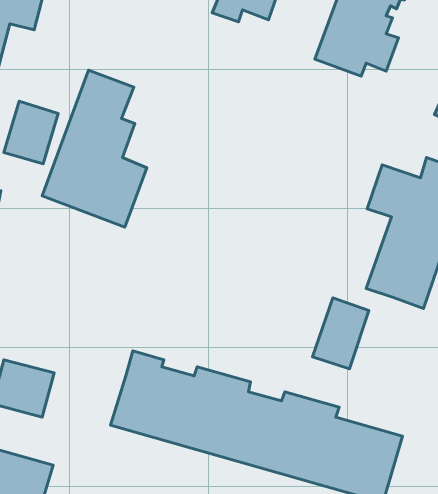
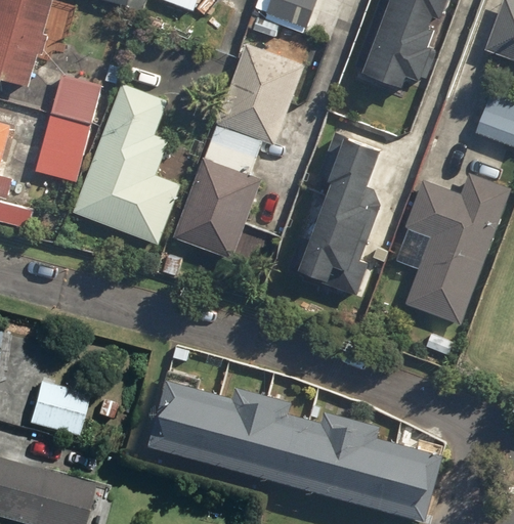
building: none -> [175,42,304,259]
building: none -> [50,72,102,121]
building: none -> [288,132,382,281]
building: [313,298,369,369] -> none

